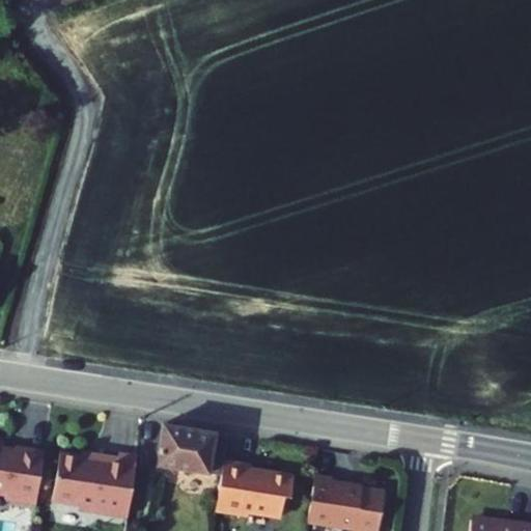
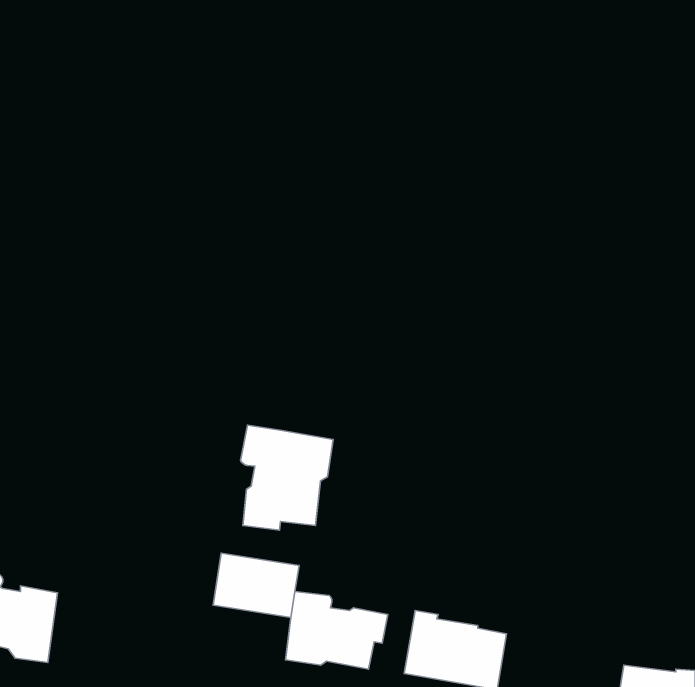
building: none -> [240,425,333,530]
building: [52,457,136,521] -> none

